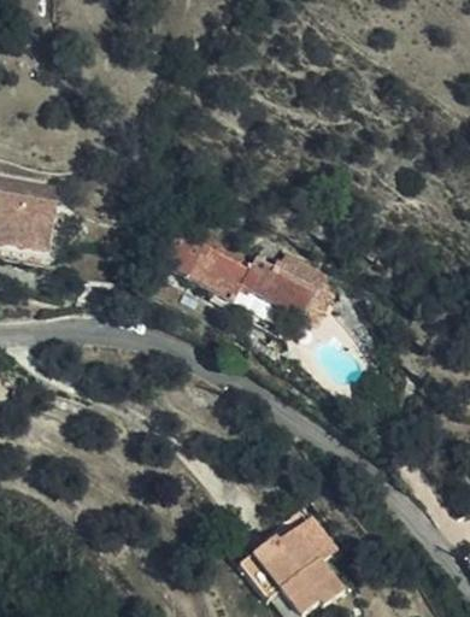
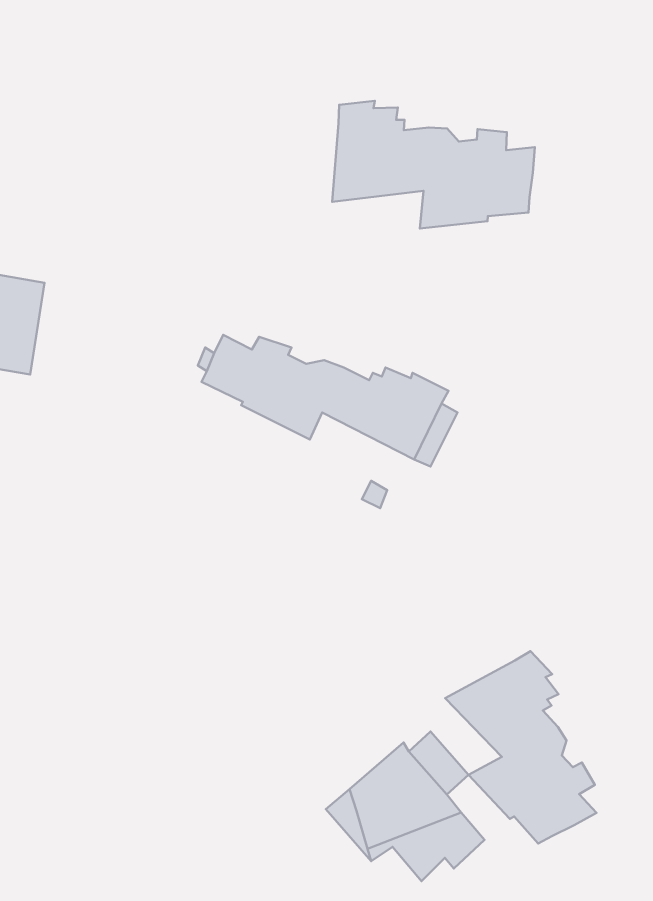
building: none -> [332,101,535,229]
building: none -> [445,651,596,843]

